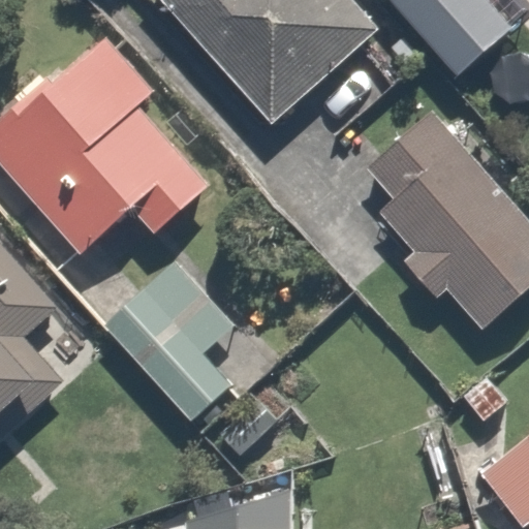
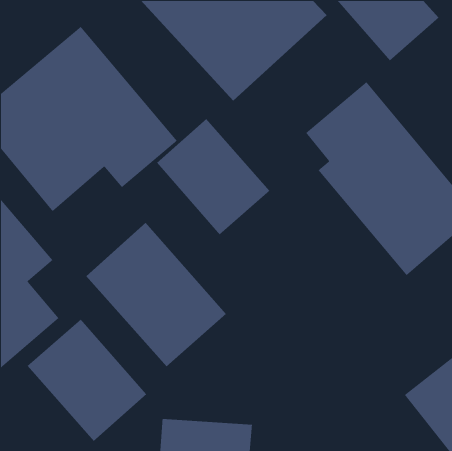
building: none -> [156,118,271,235]
building: none -> [27,318,147,442]

